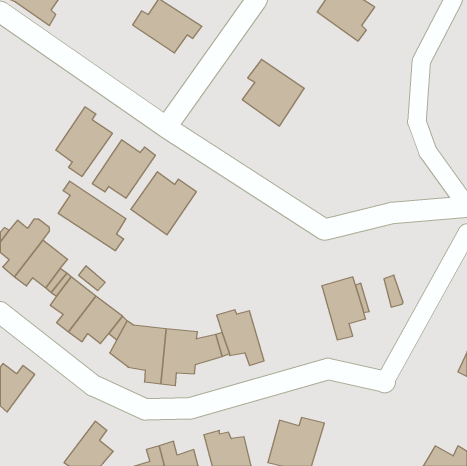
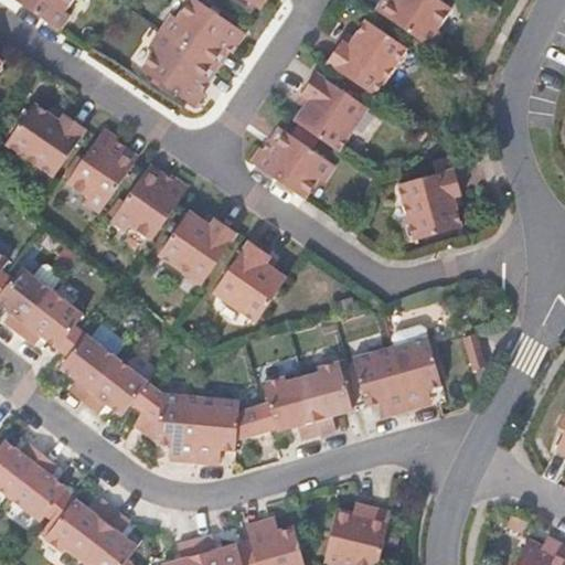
building: none -> [328,20,409,97]
building: none -> [141,30,211,106]
building: none -> [8,100,87,174]
building: none -> [250,130,335,199]
building: none -> [396,169,461,242]
building: [58,181,126,251] -> none
building: none -> [213,241,287,321]
building: none -> [351,345,407,416]
building: none -> [301,361,352,436]
building: none -> [9,452,66,522]
building: none -> [44,498,115,558]

